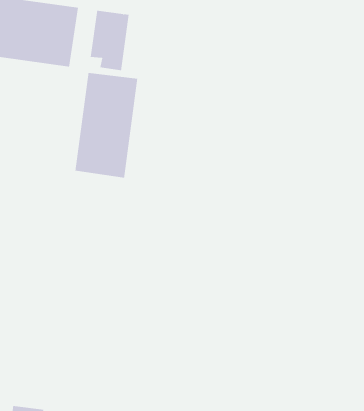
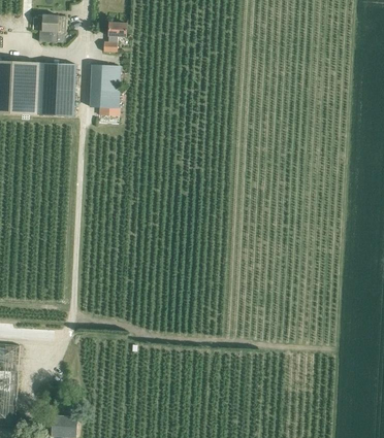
building: [75,72,138,178] -> none

